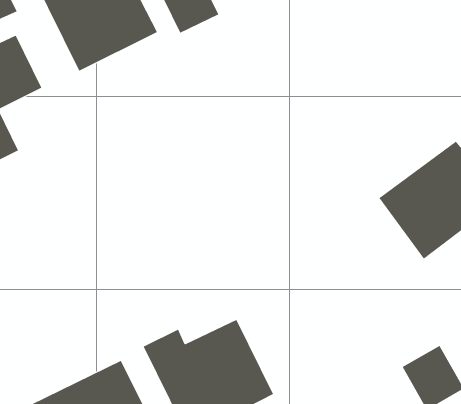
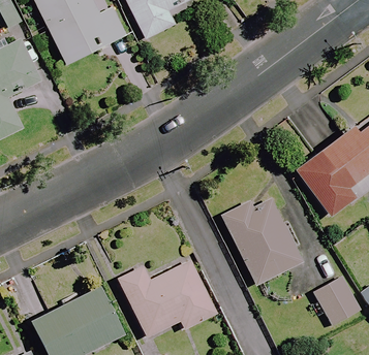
building: none -> [221,192,302,285]

